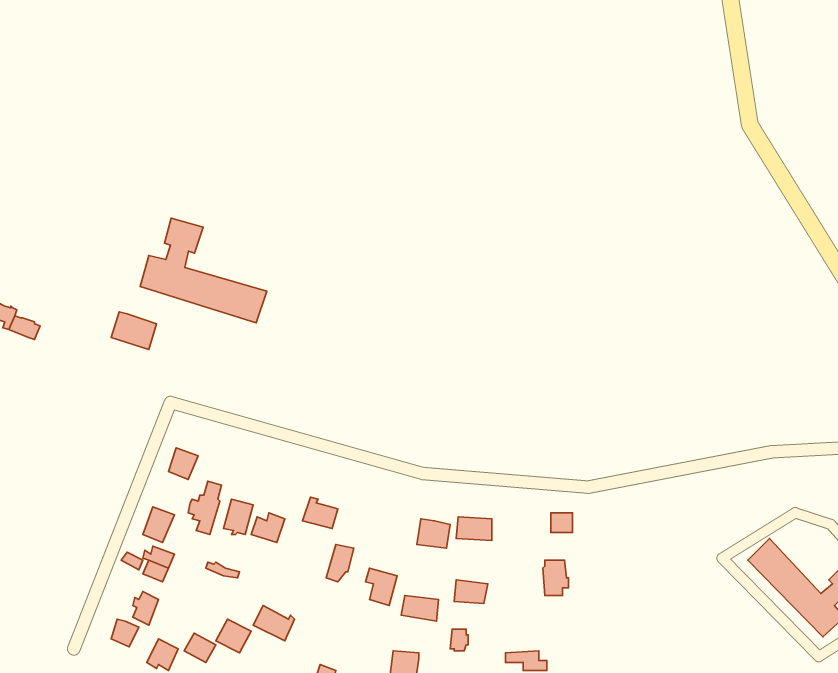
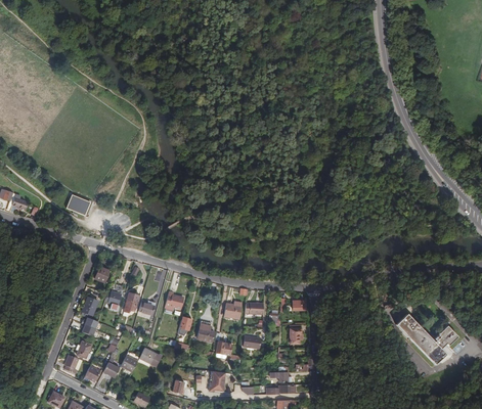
building: [140,218,267,323] -> none

